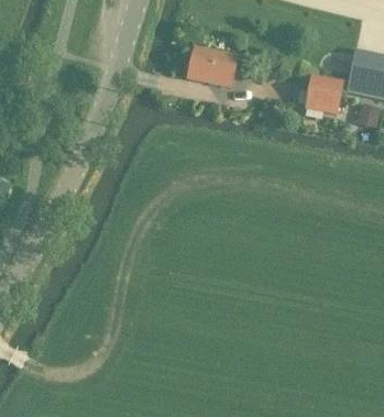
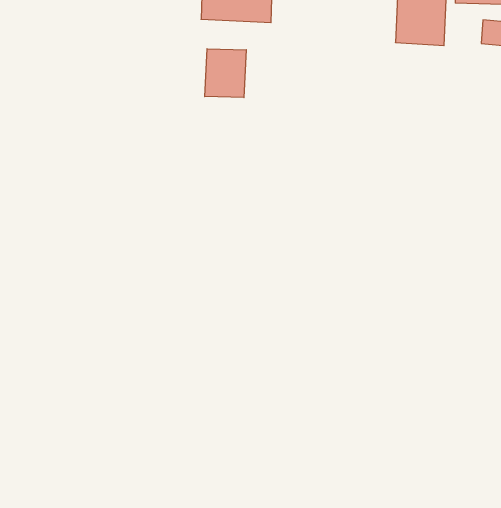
building: none -> [205,49,246,98]

